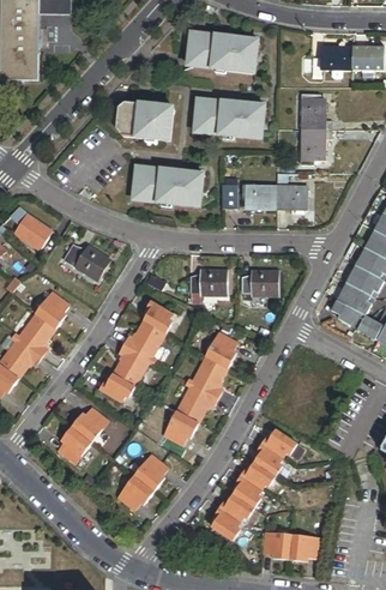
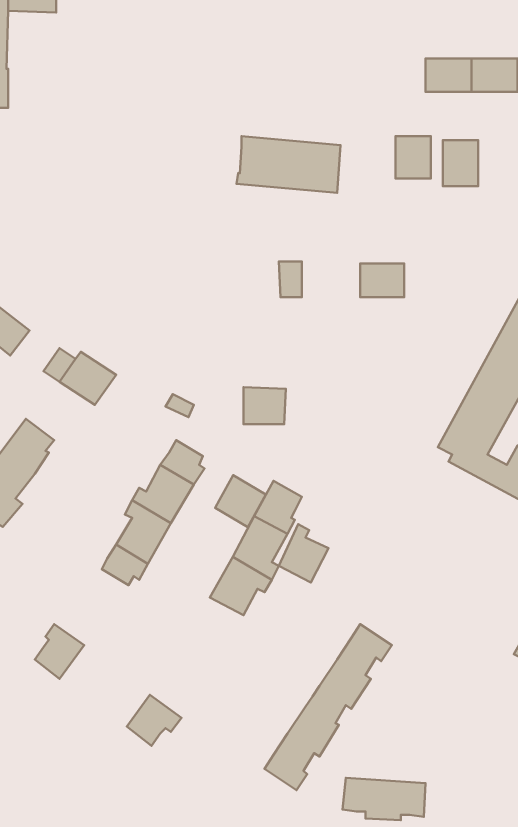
building: [186,30,258,71] -> none
building: [121,101,173,138] -> none
building: [301,126,325,157] -> [443,140,478,186]
building: [135,164,203,205] -> none
building: [243,183,277,206] -> none
building: [249,269,277,293] -> none
building: none -> [215,475,266,527]
building: none -> [279,524,329,582]
building: [70,409,107,442] -> none
building: [162,410,198,445] -> none
building: [134,454,168,492] -> none

